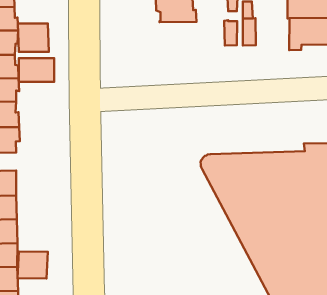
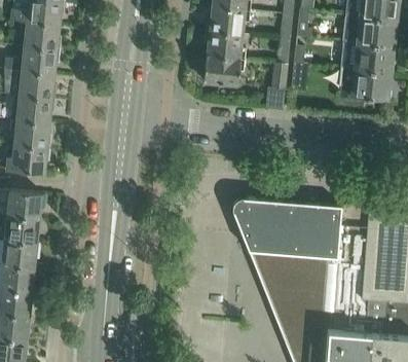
building: none -> [203,56,245,85]
building: [18,23,49,52] -> none
building: [19,58,54,82] -> none
building: [18,252,48,278] -> none

